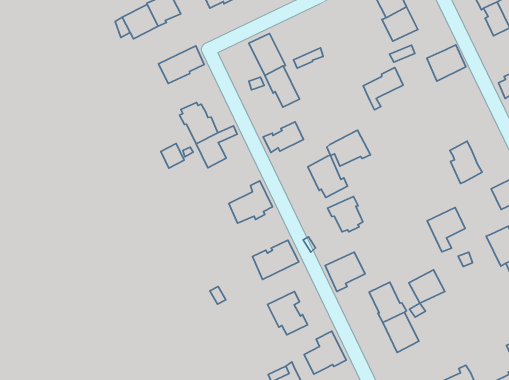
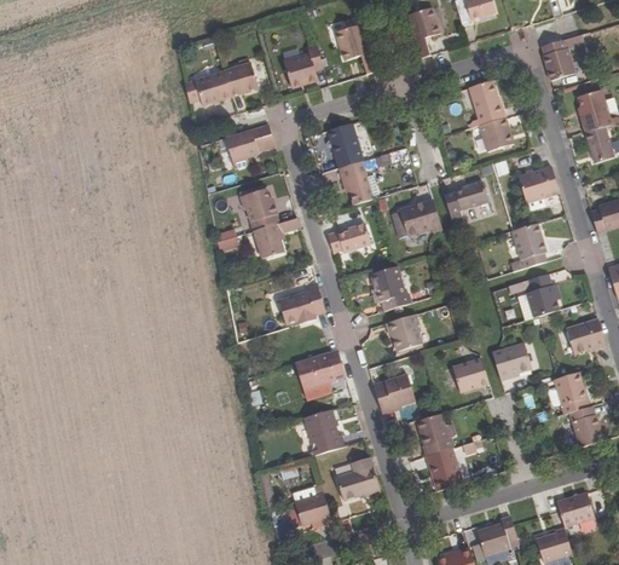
building: none -> [510,223,545,271]
building: [327,130,370,166] -> [395,198,441,235]
building: [409,270,445,303] -> [451,357,488,391]

